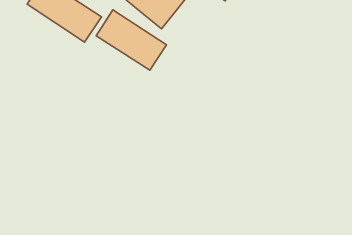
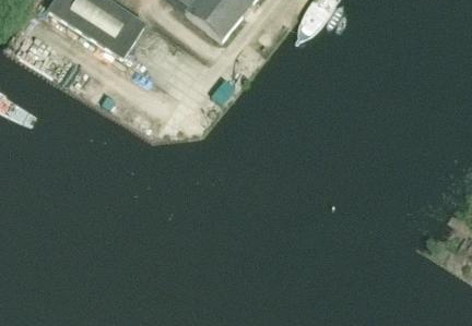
building: [96,10,167,70] -> none

